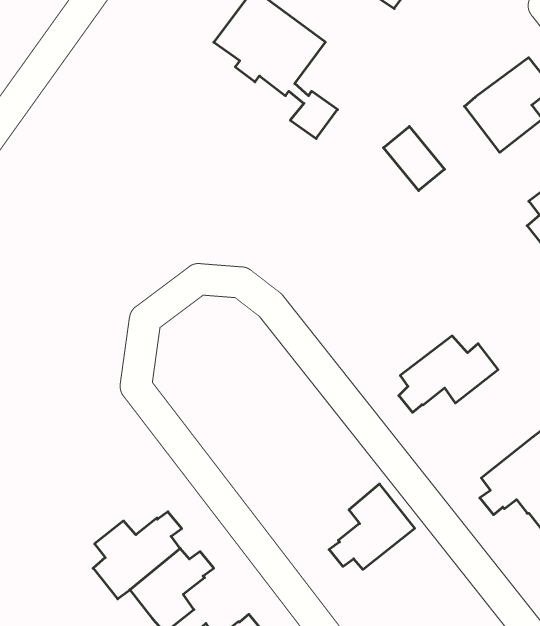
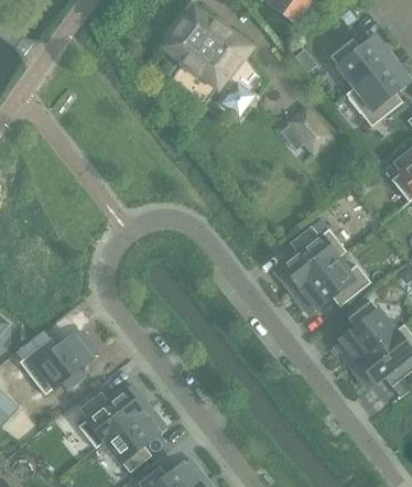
building: none -> [329,36,392,86]
building: none -> [275,226,346,286]
building: none -> [20,335,98,394]
building: [329,484,415,569] -> [334,299,395,360]

